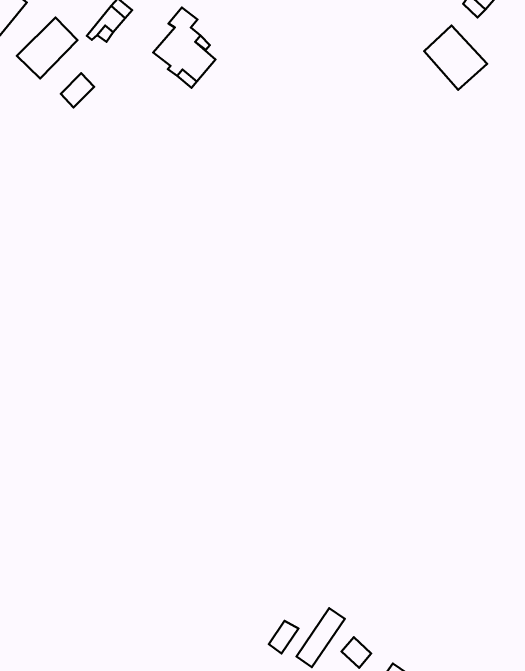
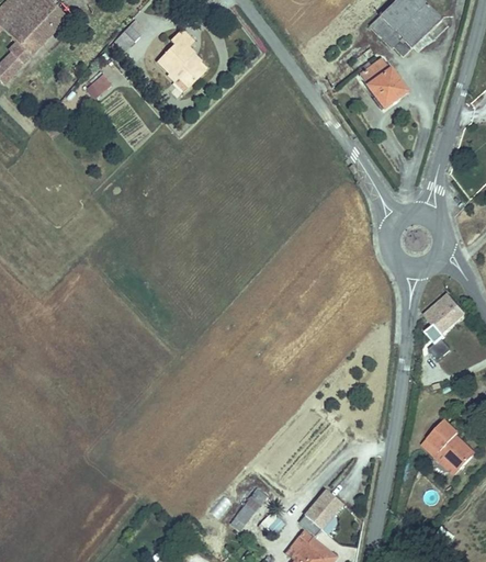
building: [17,17,77,79] -> none
building: none -> [302,488,342,531]

